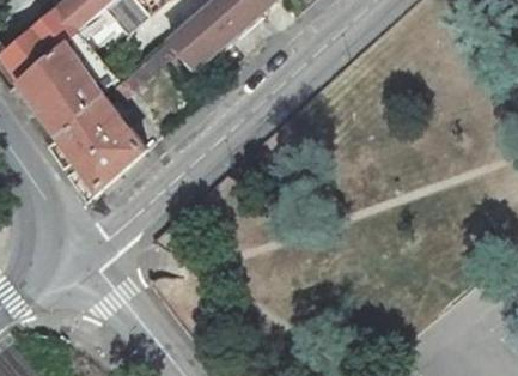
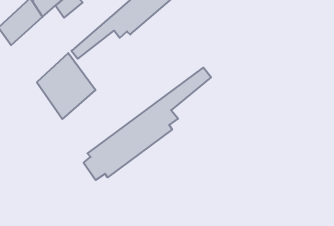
building: [18,40,103,137] -> none
building: none -> [84,68,211,180]

